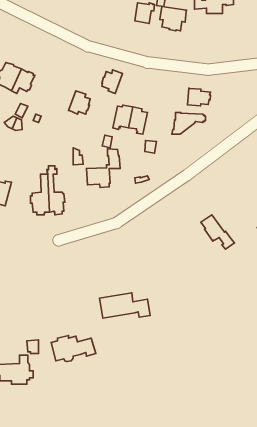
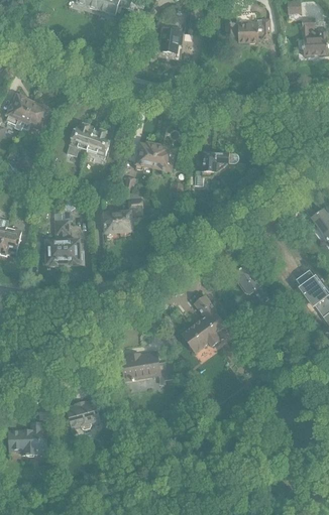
building: [160,7,187,31] -> none
building: [102,70,123,93] -> [71,123,94,149]
building: [187,88,211,106] -> none
building: none -> [181,294,226,353]

